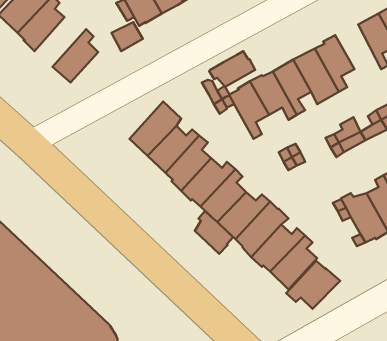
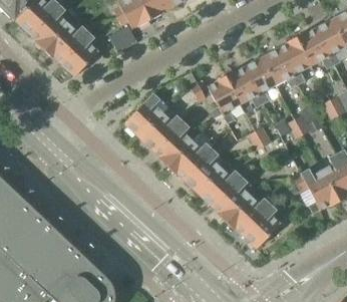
building: none -> [45,22,88,63]
building: none -> [296,28,334,69]
building: [209,51,255,87] -> none
building: [195,211,233,254] -> none
building: [286,261,340,309] -> none

